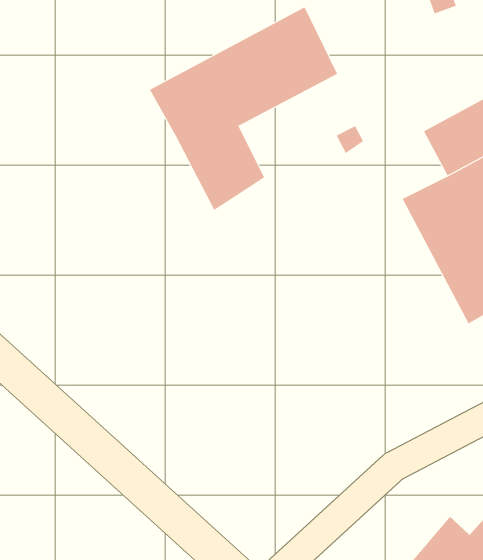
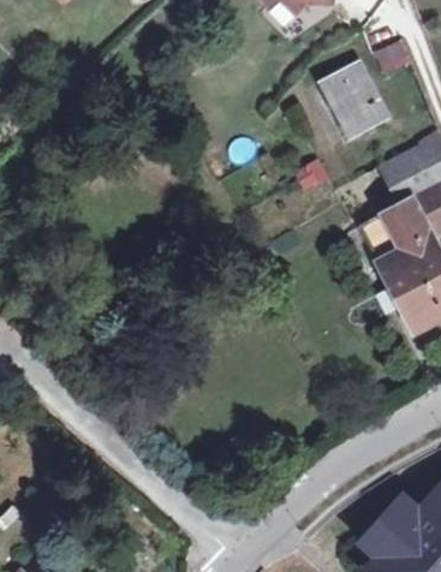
building: [149,7,338,211] -> none
building: none -> [324,64,387,137]

